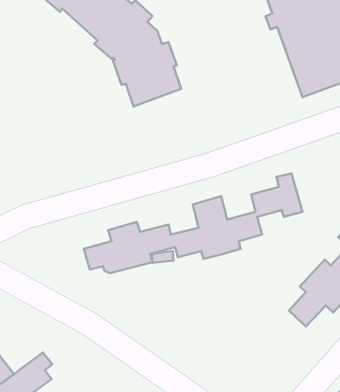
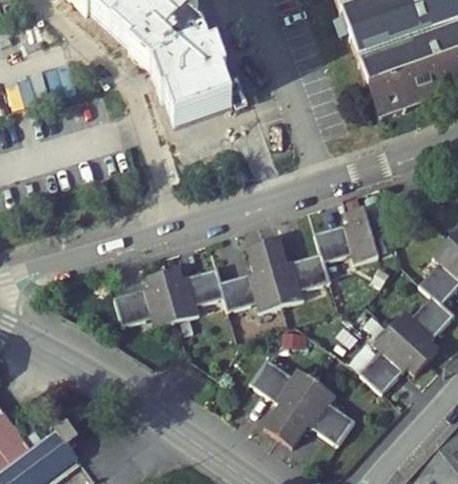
building: none -> [251,359,355,447]

